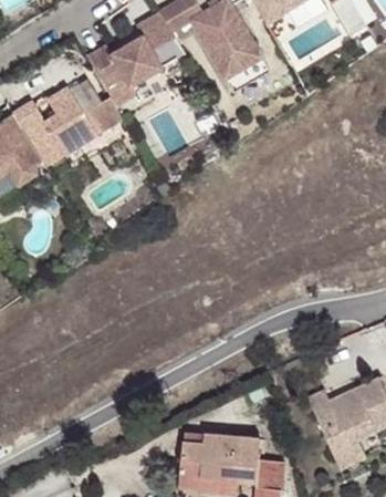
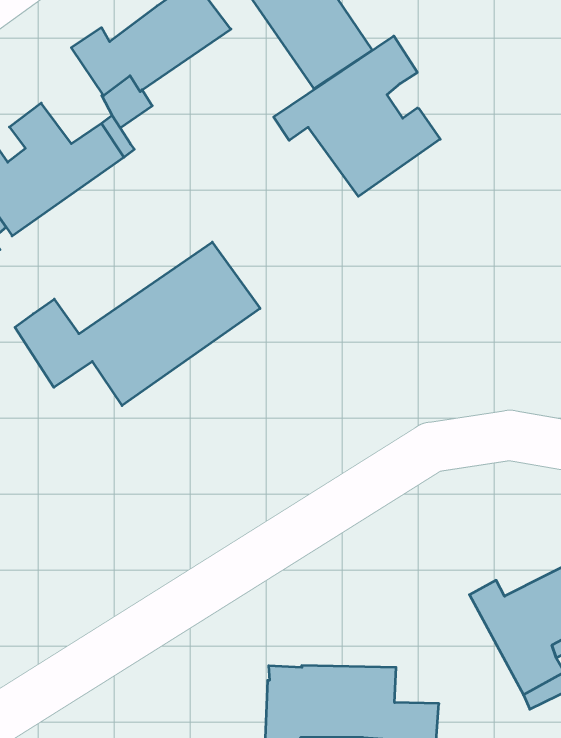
building: none -> [274,36,440,196]
building: none -> [15,242,260,406]

